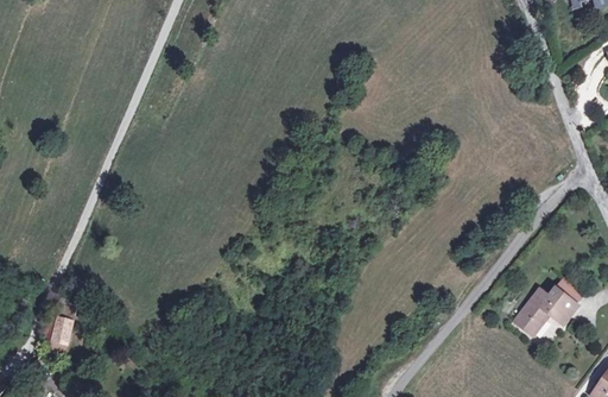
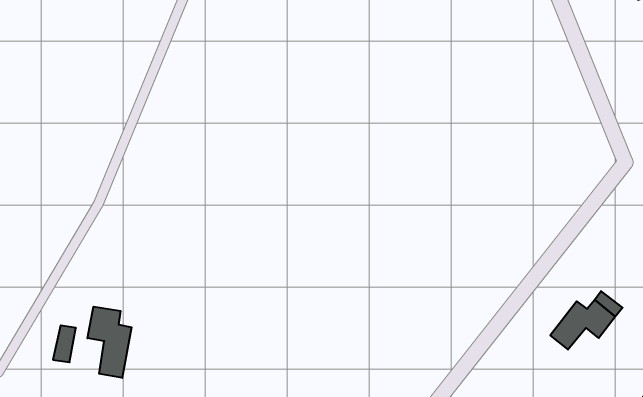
building: none -> [87,307,132,378]

